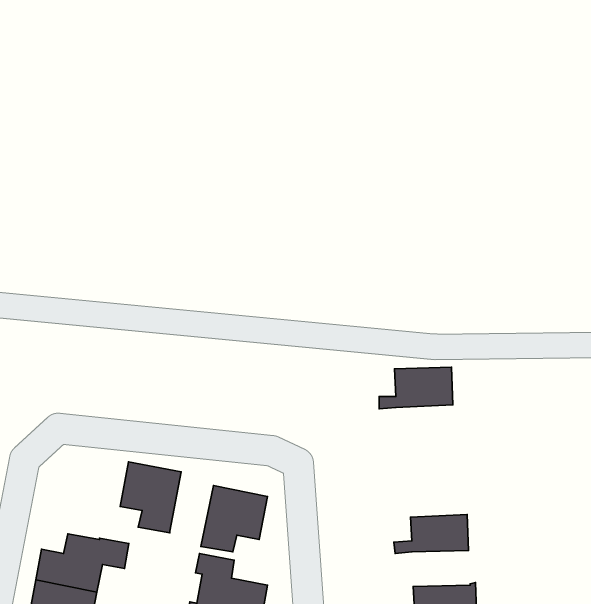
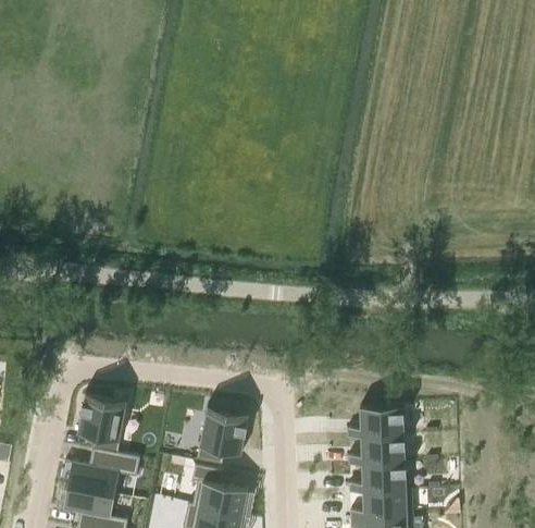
building: [379,367,453,409] -> [347,405,405,438]
building: [120,462,181,533] -> [77,398,125,454]
building: none -> [348,463,407,492]

